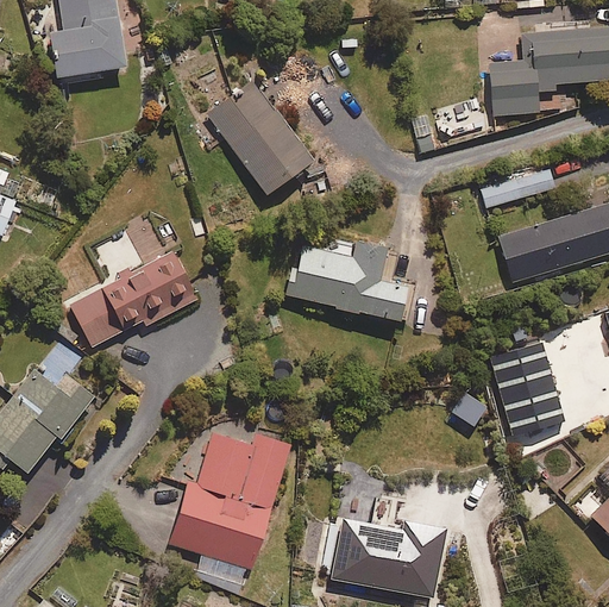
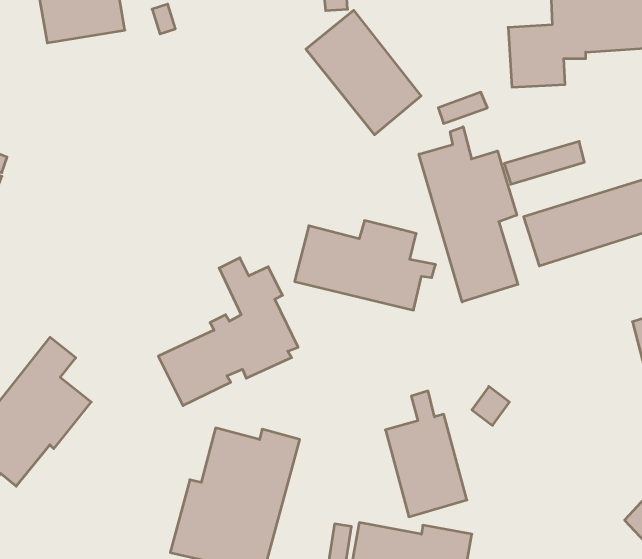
building: [211,79,316,193] -> [306,10,421,135]
building: none -> [419,127,518,302]
building: [69,212,197,348] -> [158,258,298,406]
building: [485,320,560,436] -> [385,391,467,517]

